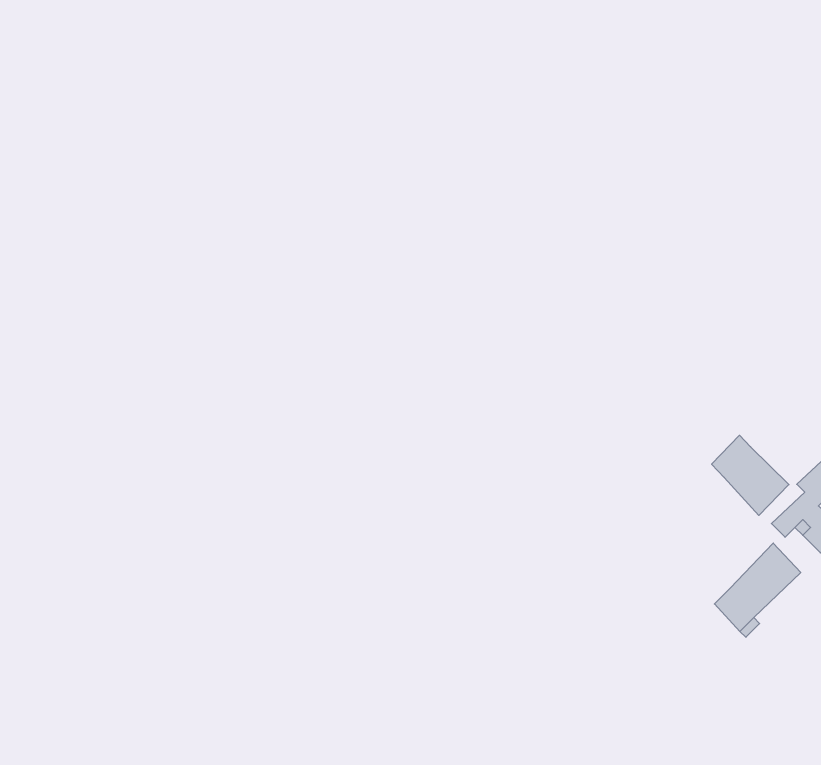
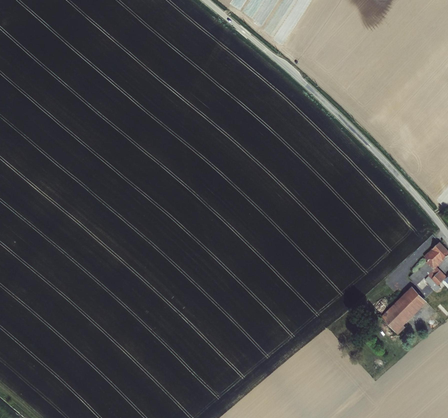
building: [712,435,789,515] -> none

